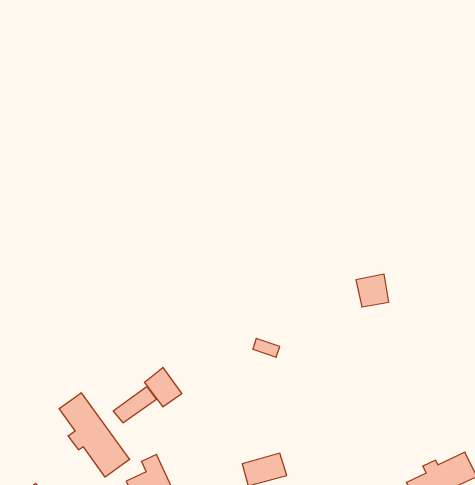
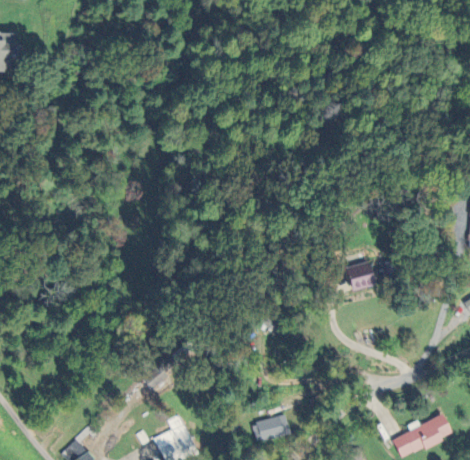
building: [144,367,182,407] -> none
building: [59,393,130,477] -> none

